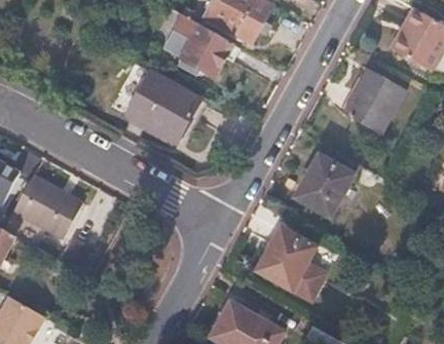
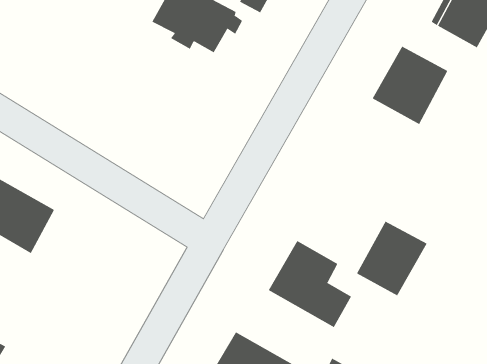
building: [124,67,197,138] -> none
building: [297,155,356,217] -> [356,221,428,296]

